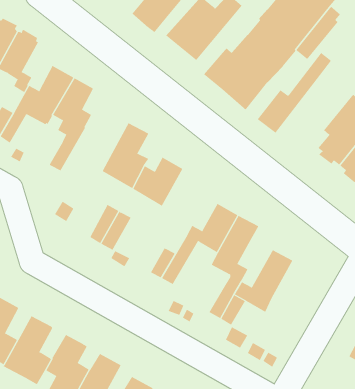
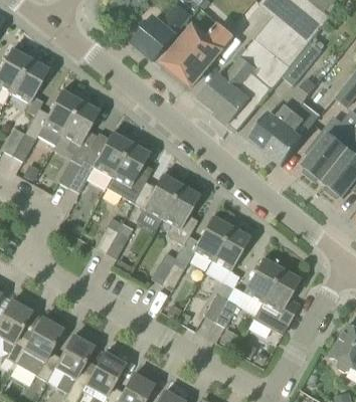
building: none -> [264,103,319,165]
building: none -> [68,130,130,192]
building: none -> [161,184,199,244]
building: none -> [253,267,300,334]

